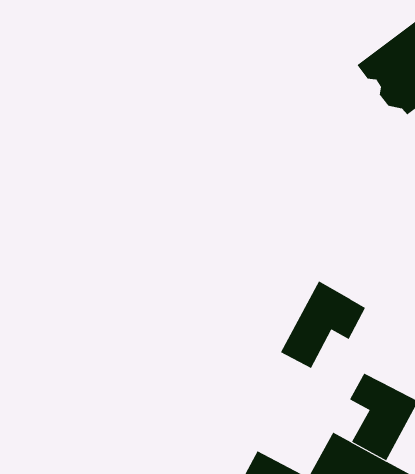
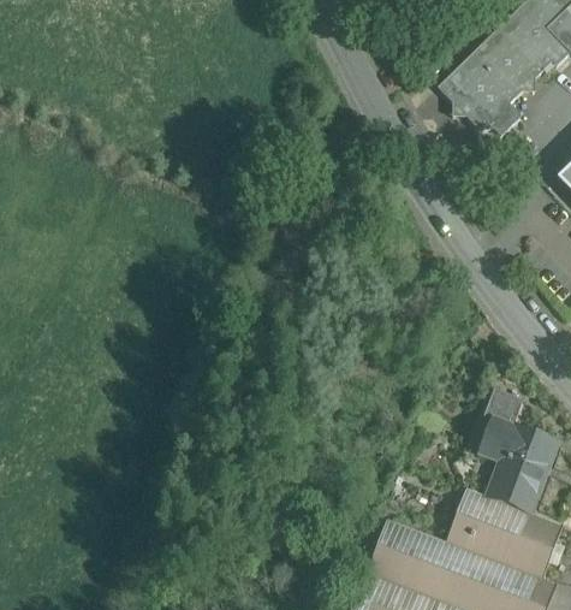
building: [280,281,366,369] -> none
building: none -> [484,385,524,425]

